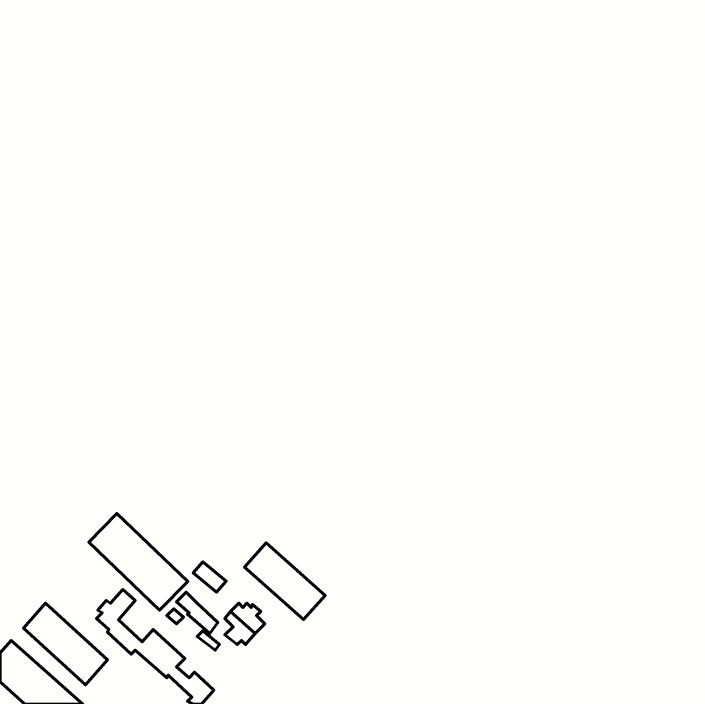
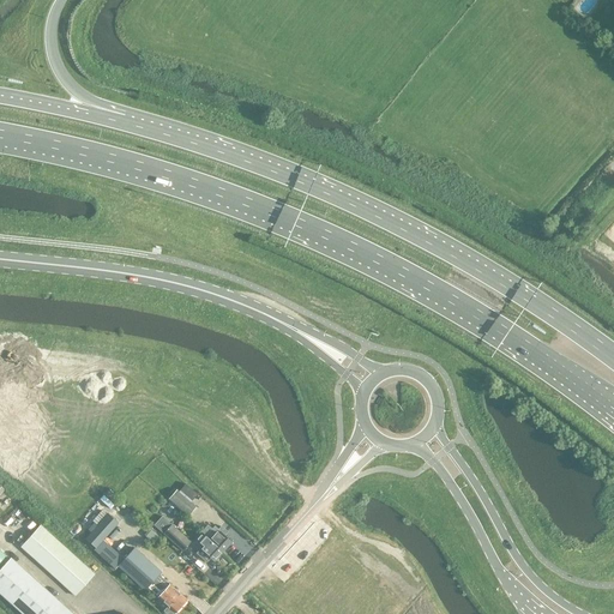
building: [89,514,188,610] -> none
building: [244,543,325,619] -> none

